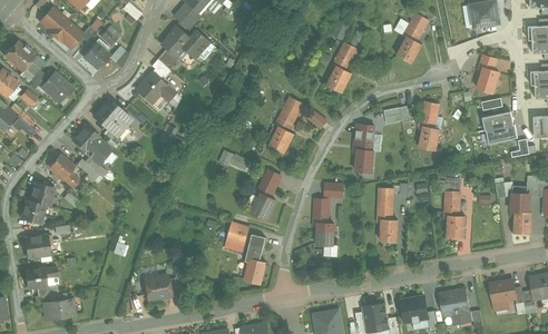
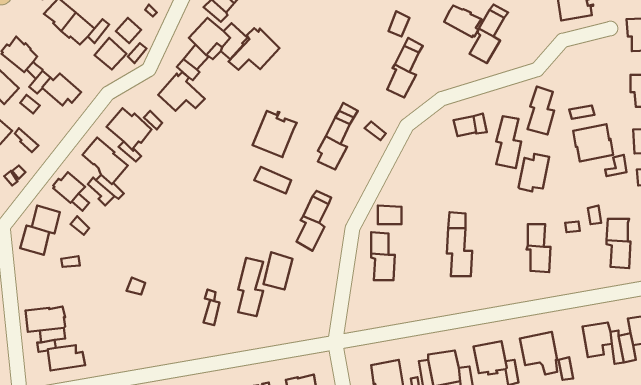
building: none -> [444,6,481,37]
building: none -> [229,28,280,70]
building: [476,55,498,95] -> [527,86,554,134]
building: none -> [252,111,297,157]
building: [353,130,374,171] -> none
building: none -> [519,154,549,191]
building: [25,234,50,257] -> none
building: [245,234,266,283] -> [238,258,263,316]
building: [144,275,170,298] -> none

